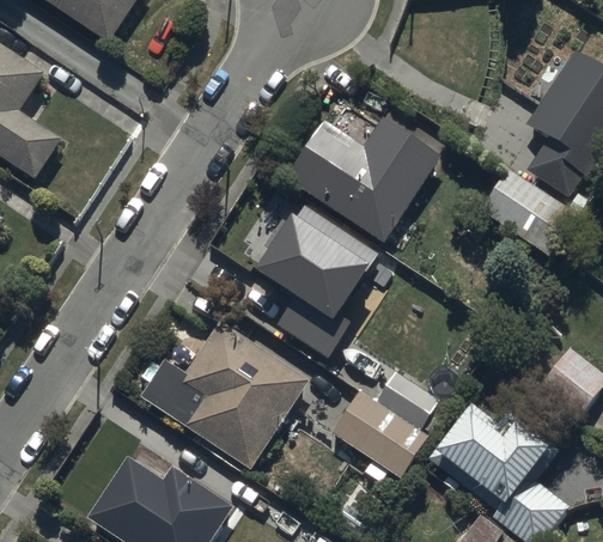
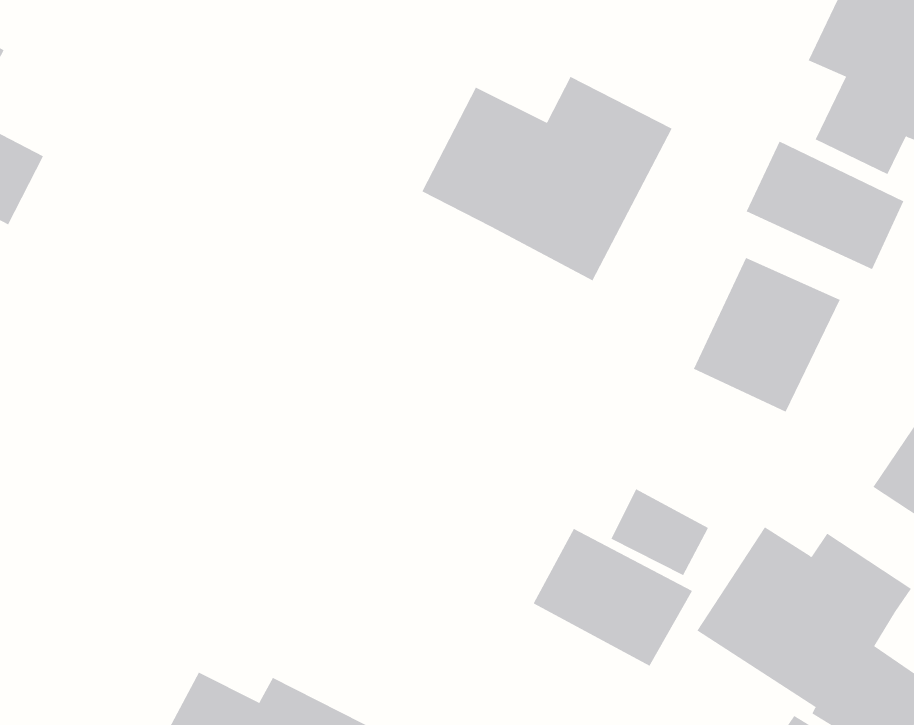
building: [260,206,379,359] -> none
building: none -> [693,257,840,412]
building: [138,322,307,469] -> none

